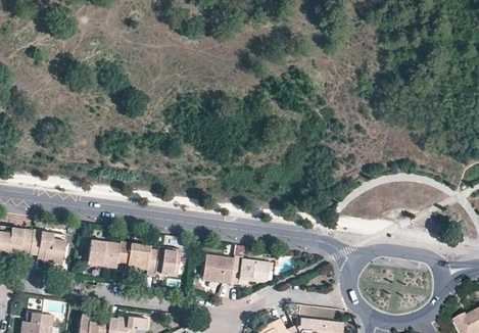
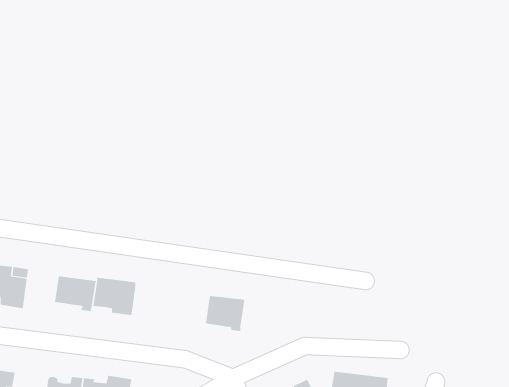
building: [145,245,179,275] -> none
building: [230,257,270,284] -> none

